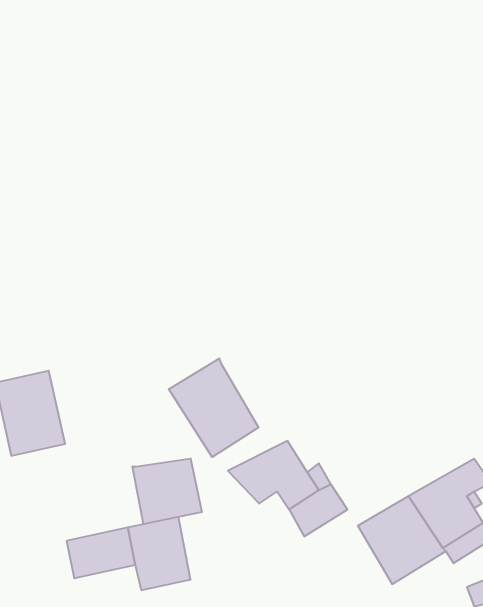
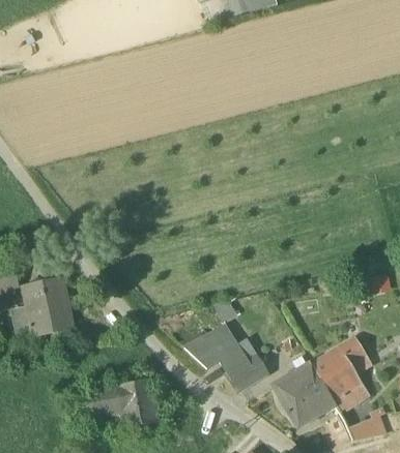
building: [169,358,259,457] -> none
building: [133,458,202,524] -> none

